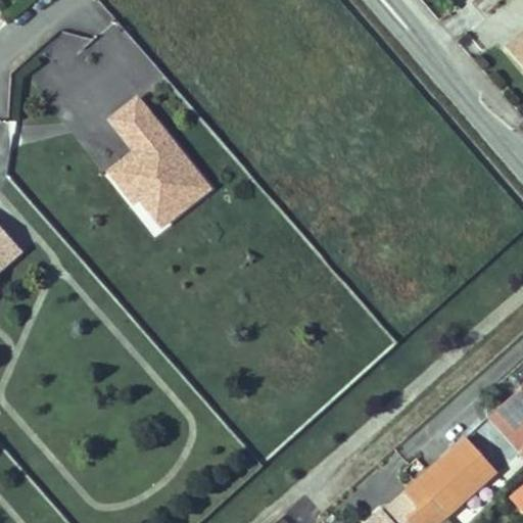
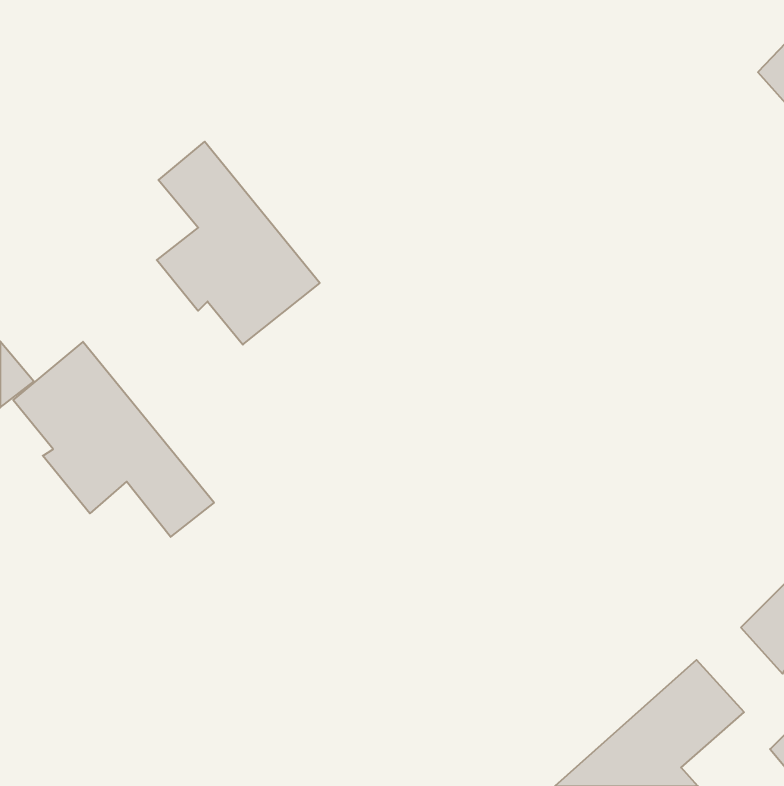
building: none -> [13,342,214,537]

